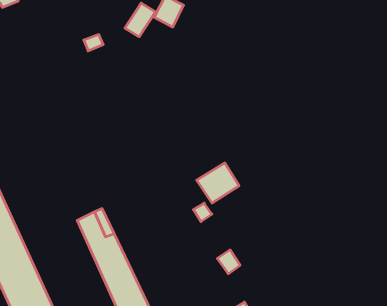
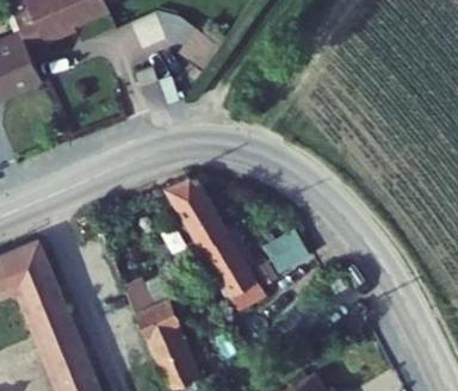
building: none -> [151,176,254,308]

